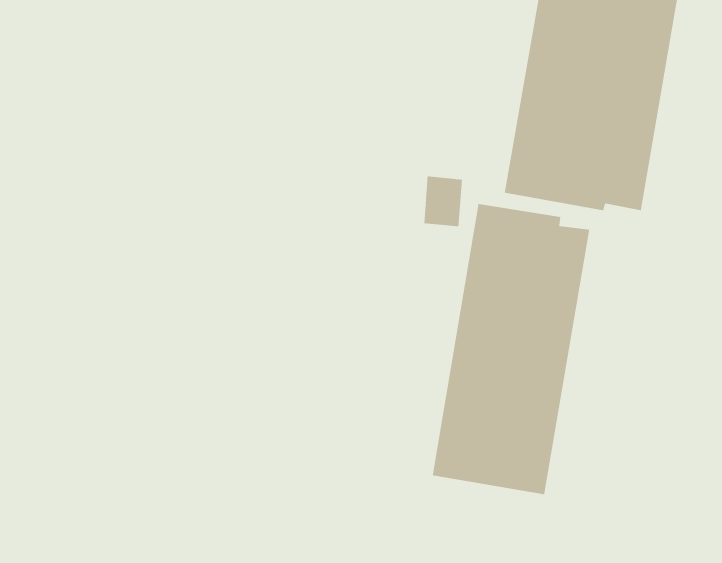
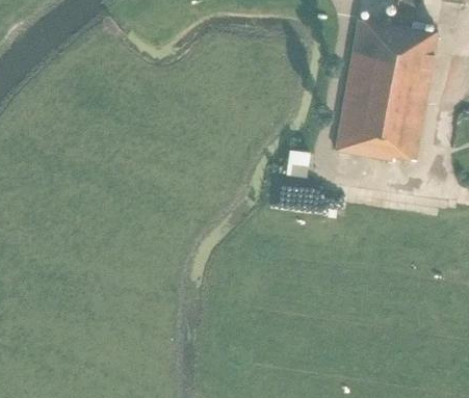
building: [432,203,590,495] -> none

